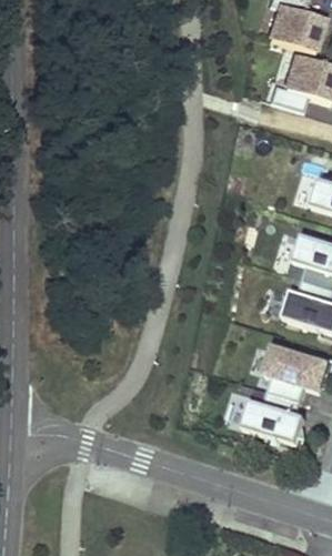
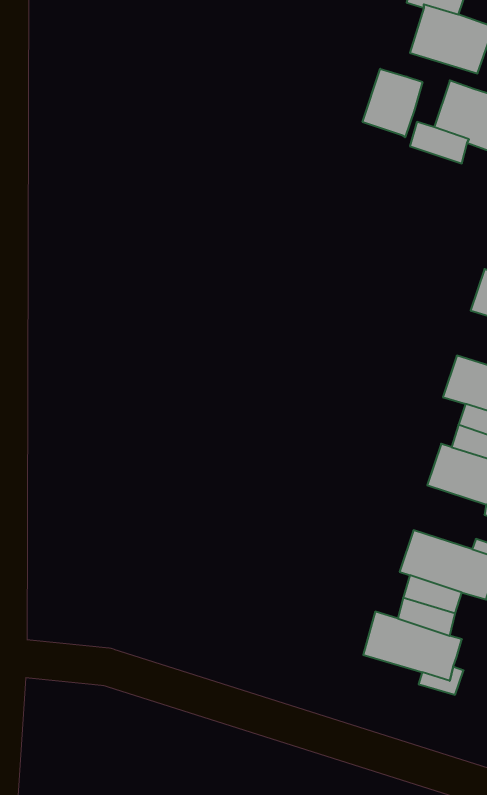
building: none -> [363,69,422,137]

